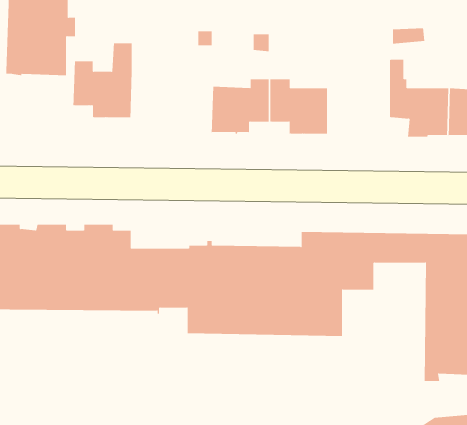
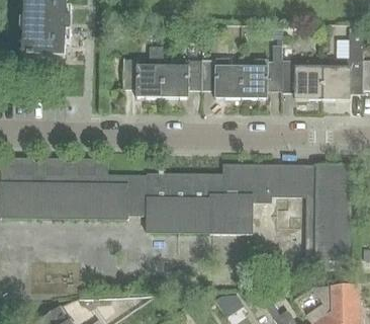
building: [73,43,133,119] -> [122,46,163,97]
building: none -> [241,45,282,98]

